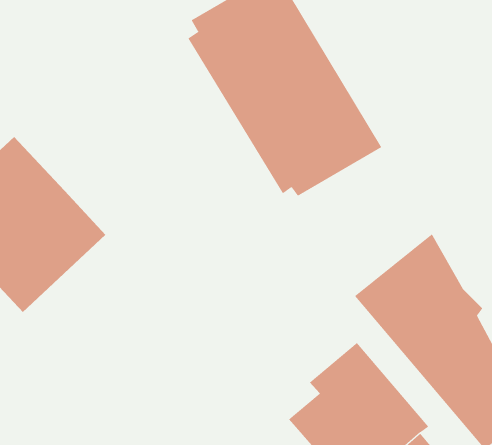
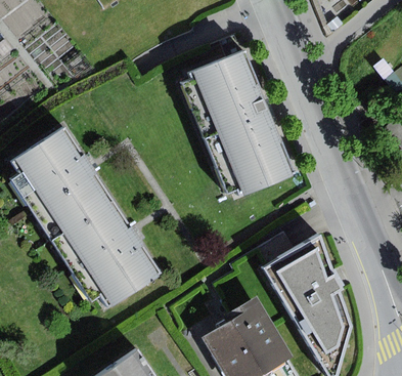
building: none -> [49,200,161,308]

